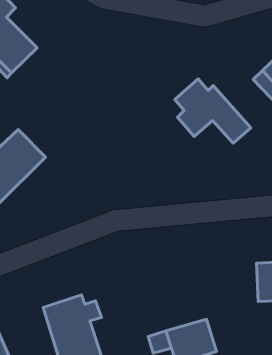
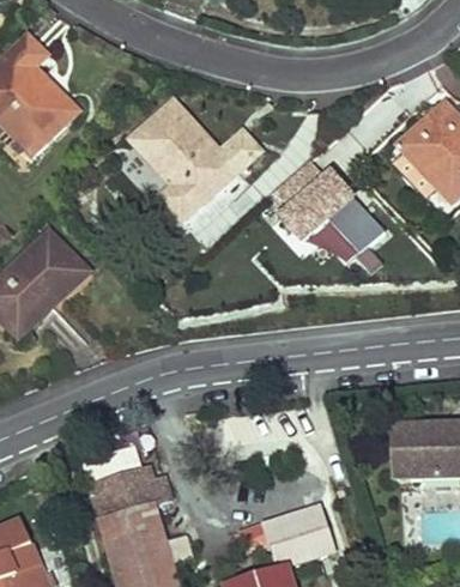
building: none -> [132,102,261,219]

